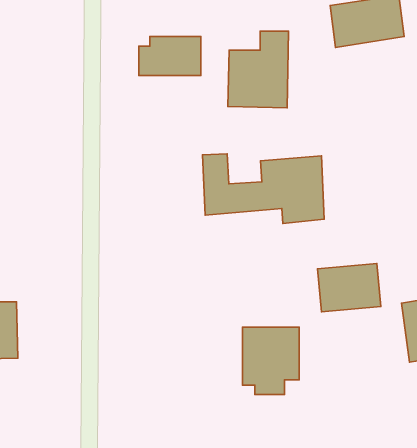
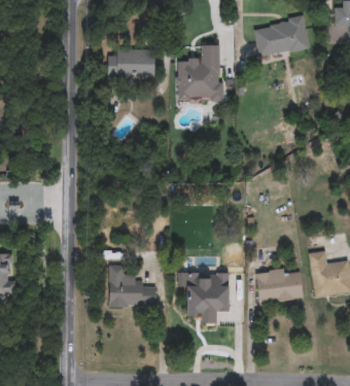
building: [203,154,324,224] -> none
building: [317,263,381,312] -> [254,267,303,304]
building: none -> [108,266,156,307]

